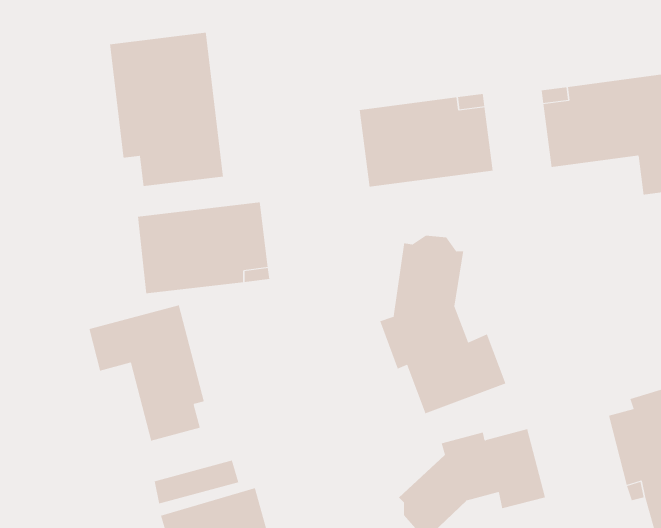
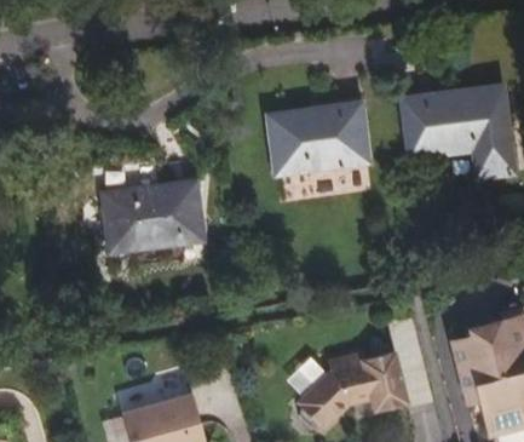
building: [110,32,223,187] -> none
building: [380,235,506,414] -> none
building: [89,304,204,441] -> none

